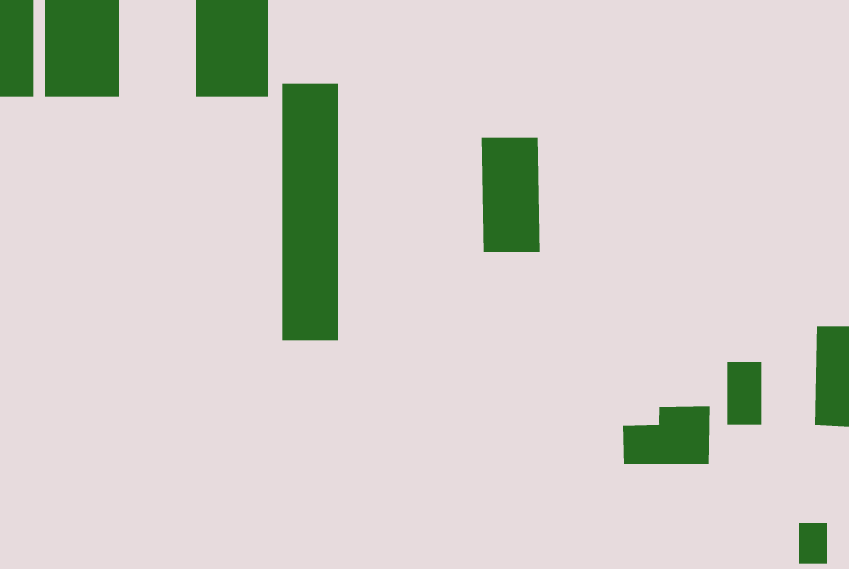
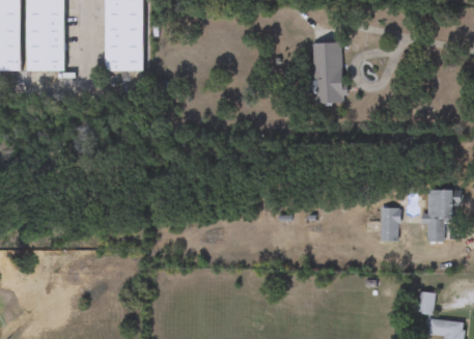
building: [282,83,339,341] -> none
building: [481,137,540,253] -> [313,43,344,103]
building: [623,406,710,465] -> none

